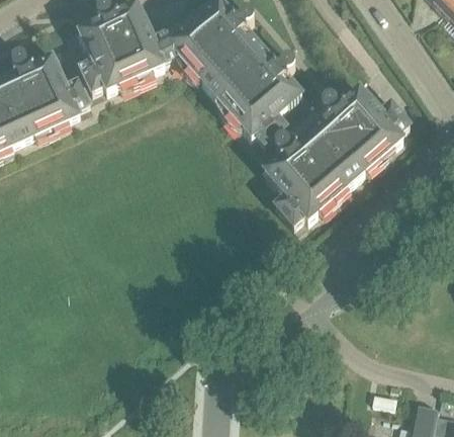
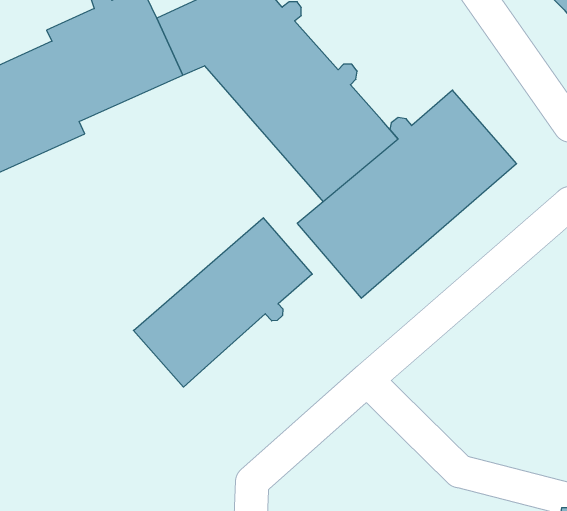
building: none -> [133,218,312,387]

